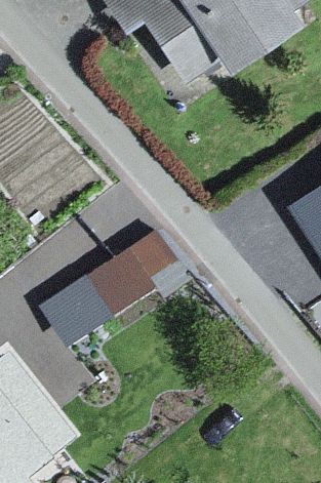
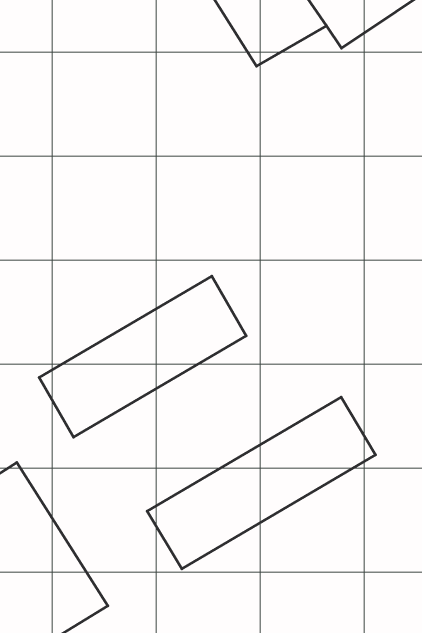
building: none -> [147,397,376,569]

